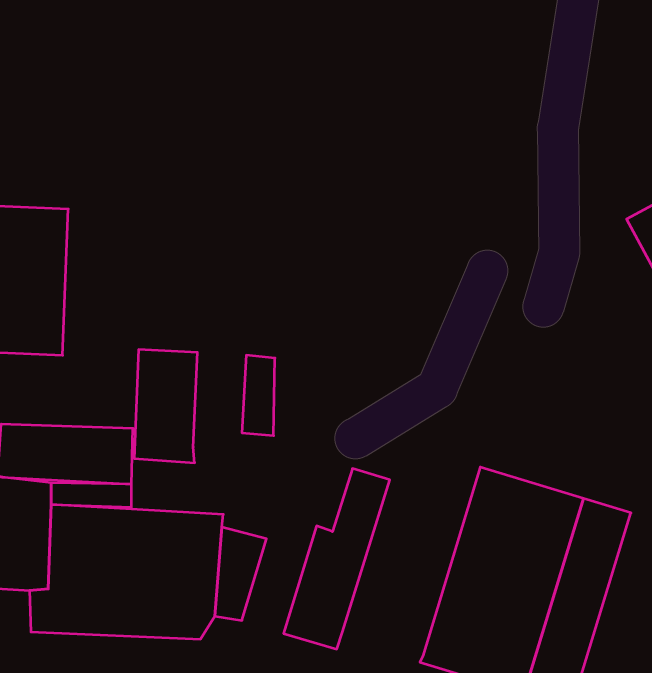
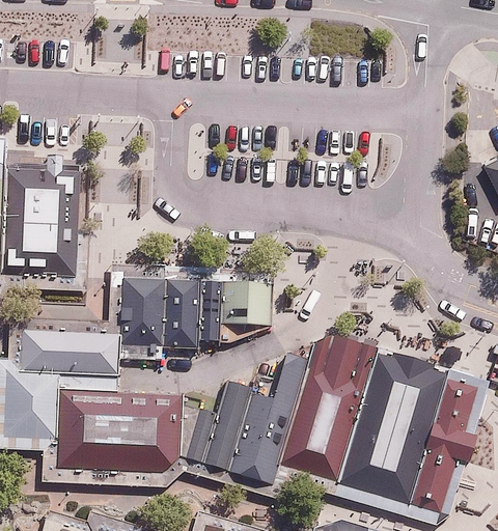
building: none -> [163,274,201,343]
building: none -> [222,277,274,338]
building: none -> [271,339,370,494]
building: none -> [198,381,255,477]

